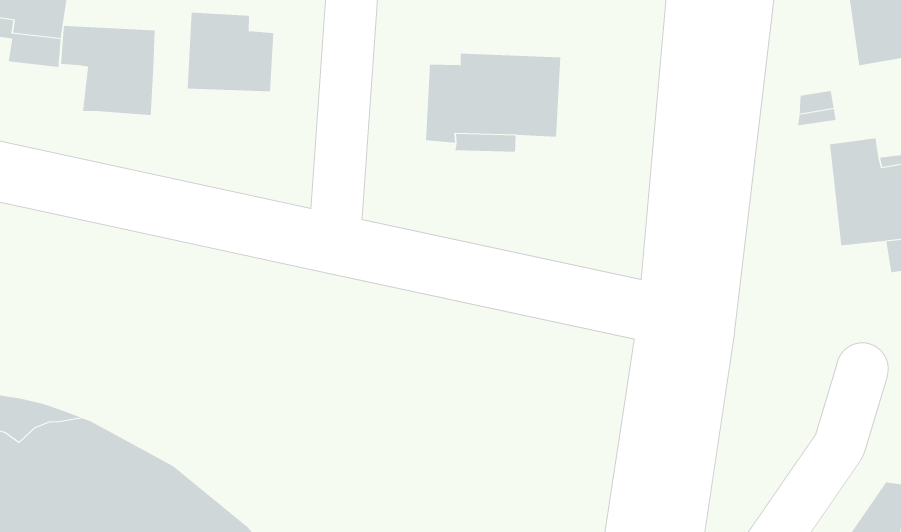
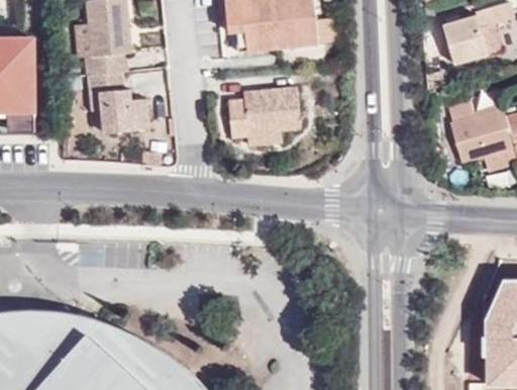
building: [61,25,155,116] -> none

